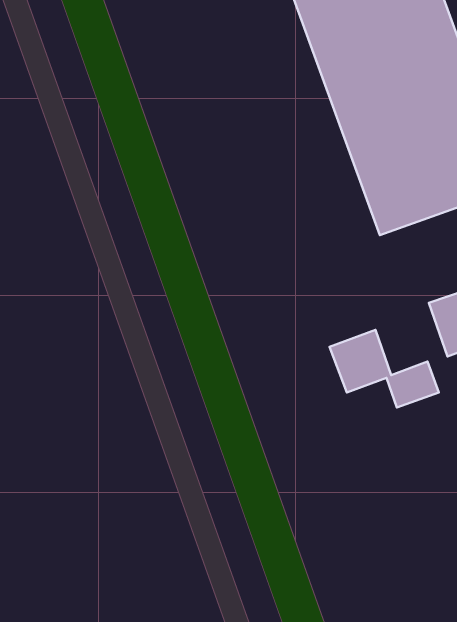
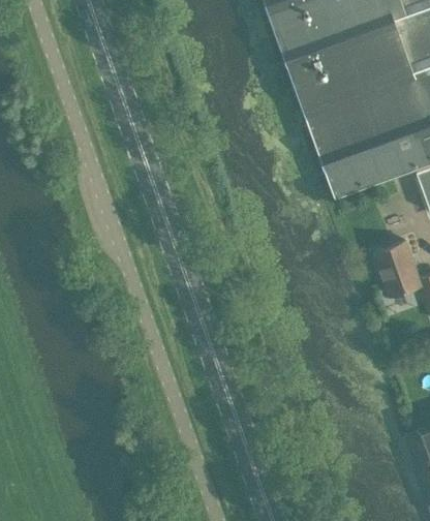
building: [330,330,439,407] -> none

